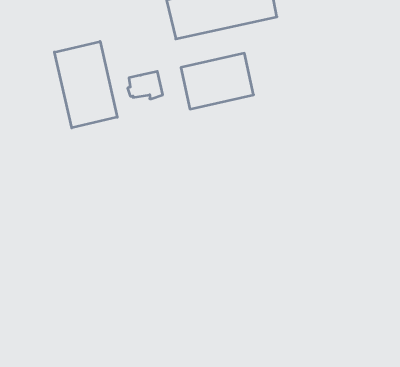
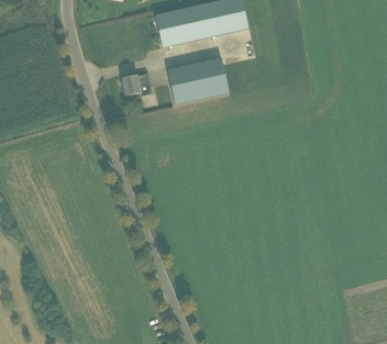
building: [54,41,117,128] -> none

